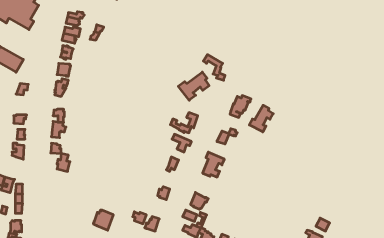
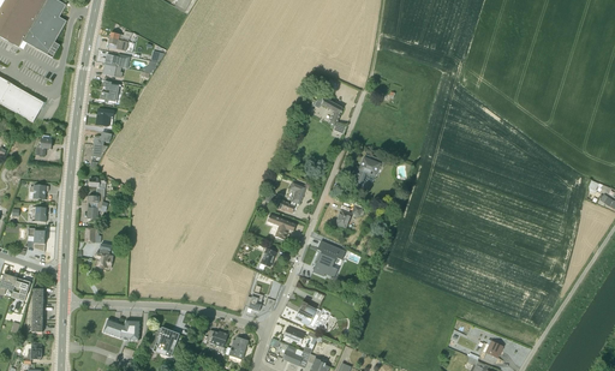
building: [178,72,209,100] -> none
building: [249,105,273,132] -> none
building: none -> [102,319,138,340]

